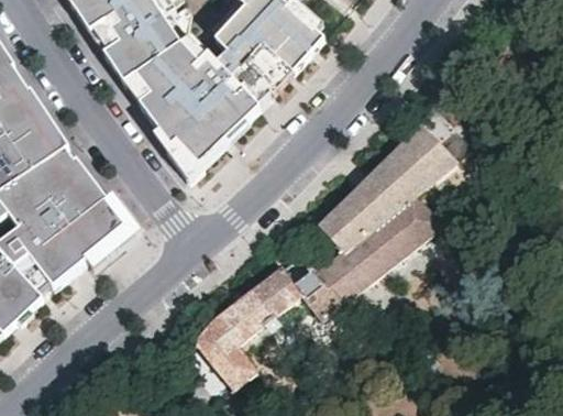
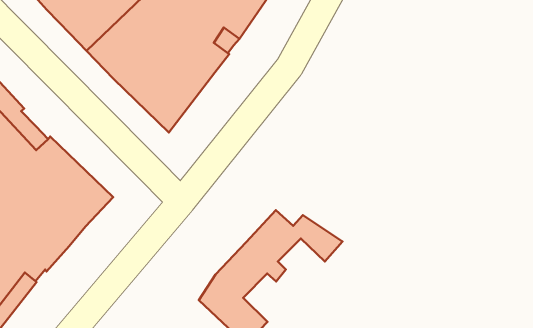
building: [306,123,455,304] -> none

